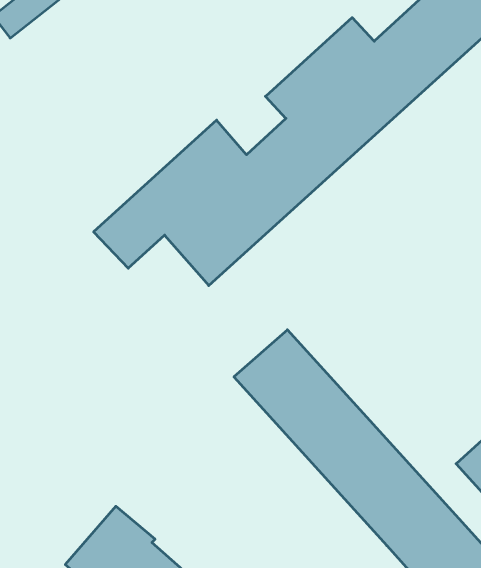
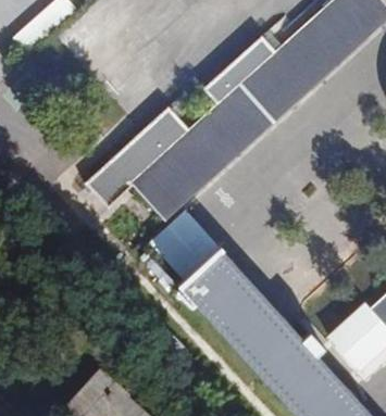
building: none -> [148,213,217,282]

